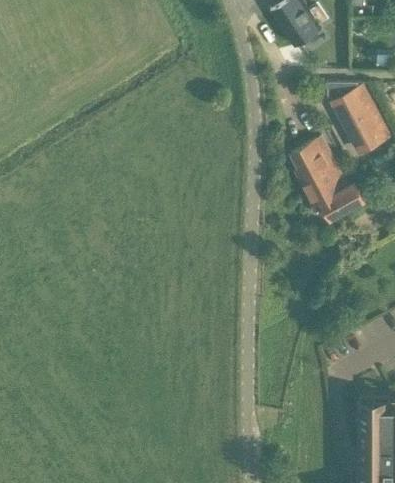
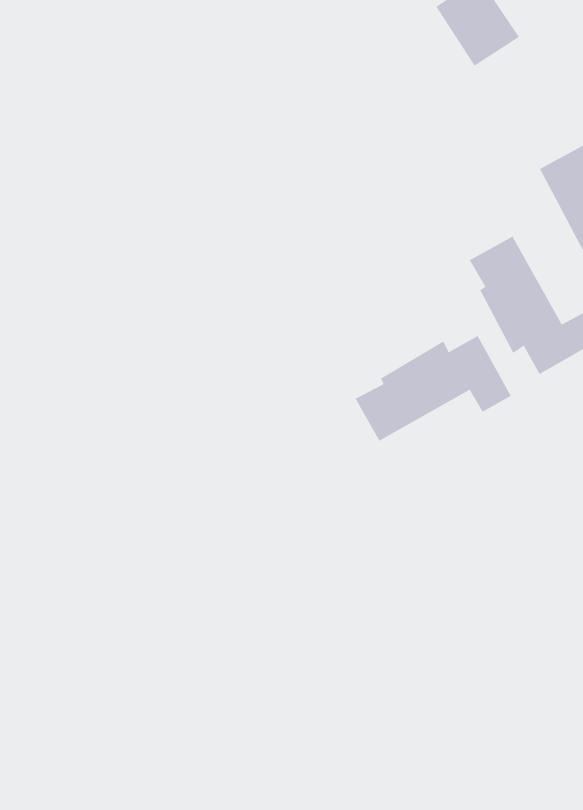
building: none -> [355,335,511,442]

